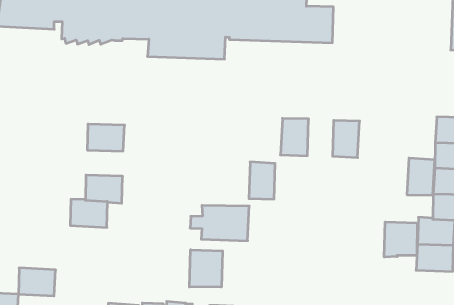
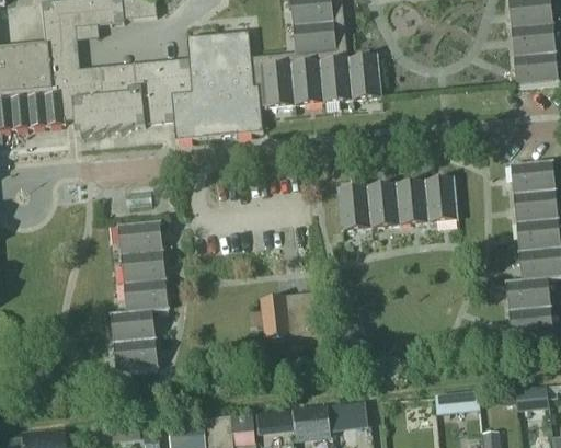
building: none -> [122,250,165,283]
building: [407,158,435,195] -> [425,177,458,221]
building: [249,162,275,199] -> [367,183,400,227]
building: [384,222,417,257] -> none
building: [189,250,223,287] -> none
building: [18,268,56,296] -> [114,338,158,371]

